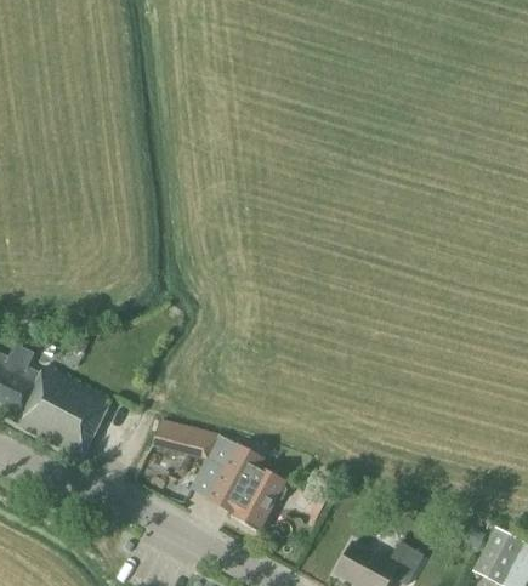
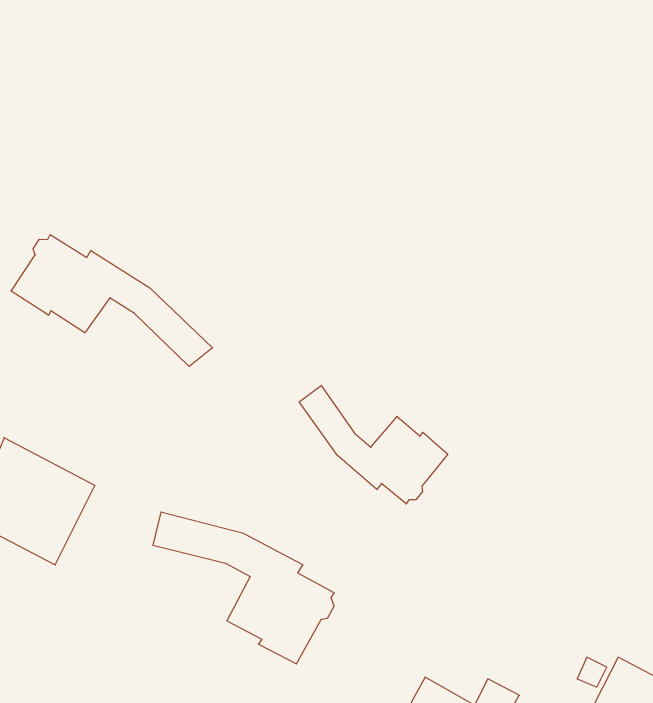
building: none -> [11,235,213,367]
building: none -> [299,385,448,504]

